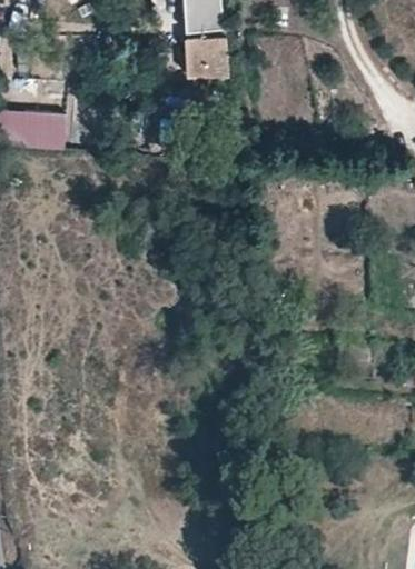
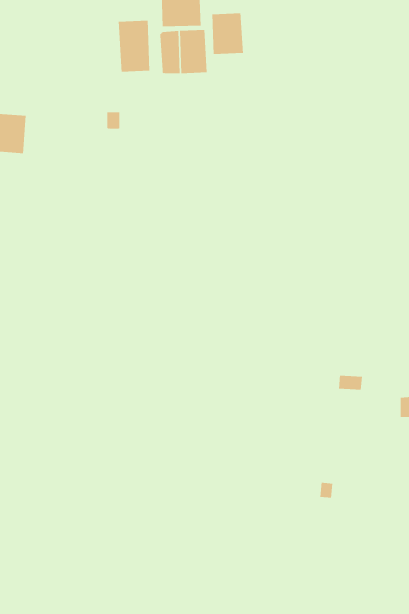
building: none -> [212,13,243,55]
building: none -> [118,20,150,72]

